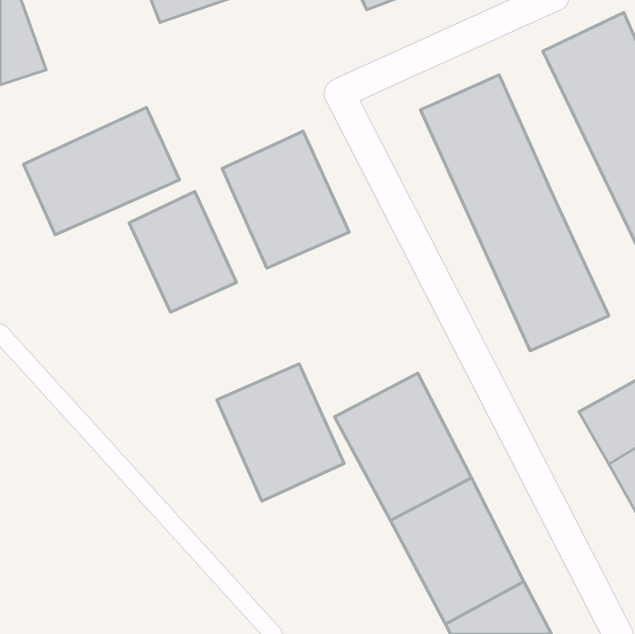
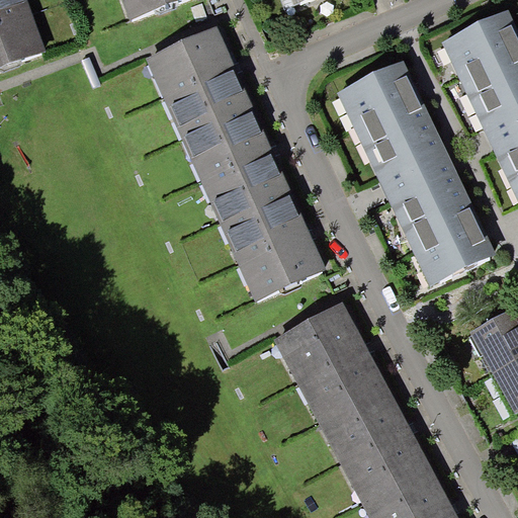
building: none -> [145,25,248,137]
building: [23,107,179,235] -> none
building: [129,191,236,312] -> none
building: [217,364,344,501] -> [219,188,322,299]

